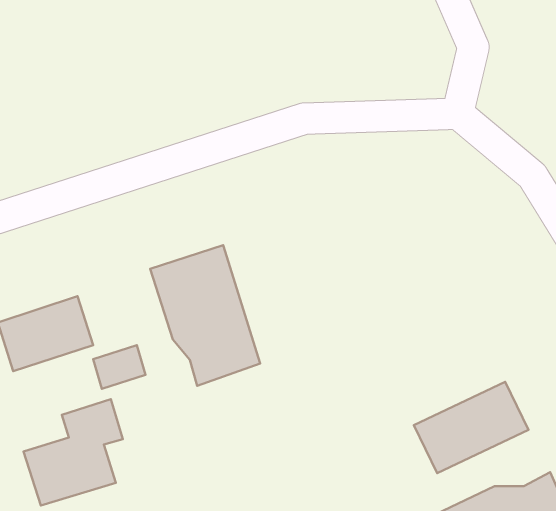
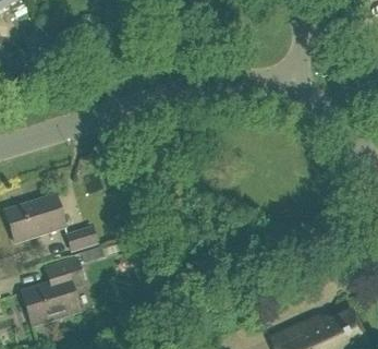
building: [150,245,260,386] -> none
building: [414,382,528,473] -> none

